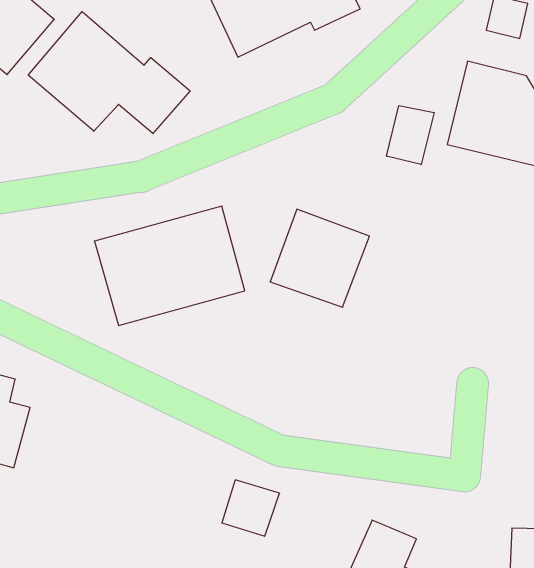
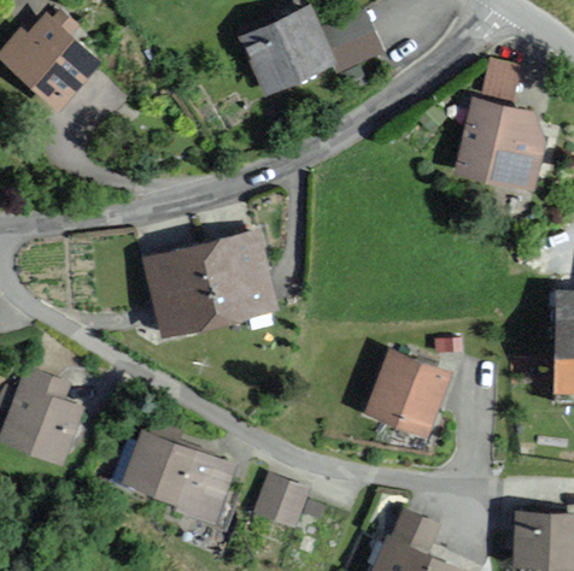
building: [28,12,190,134] -> none
building: [387,106,434,165] -> none
building: [270,209,369,307] -> [363,343,452,431]
building: none -> [125,436,233,525]

